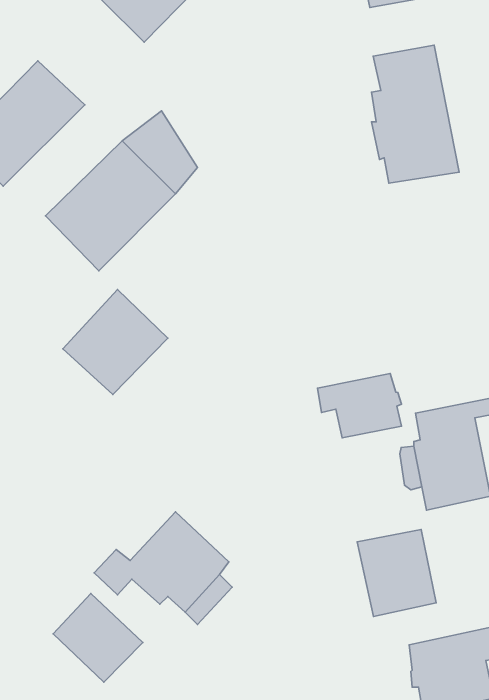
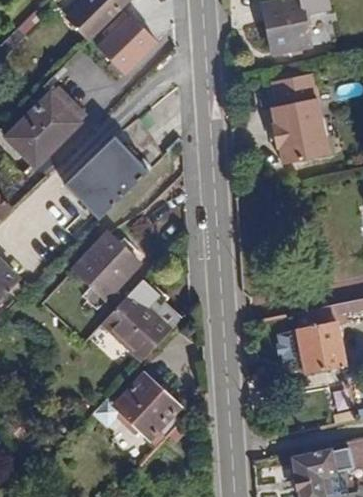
building: none -> [100,282,181,362]
building: [318,374,402,438] -> none
building: [357,529,436,616] -> none
building: [53,594,143,682] -> none

